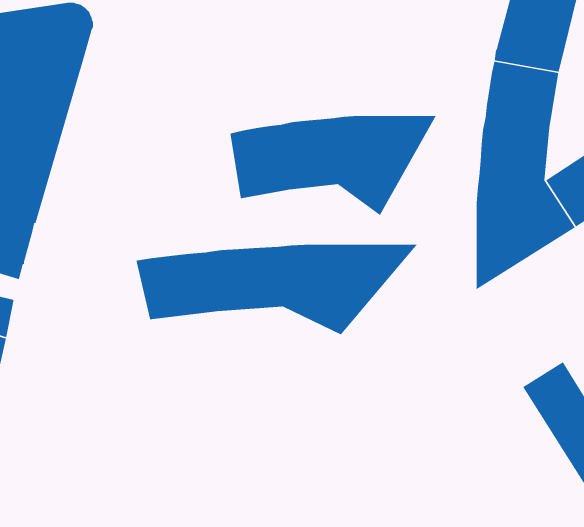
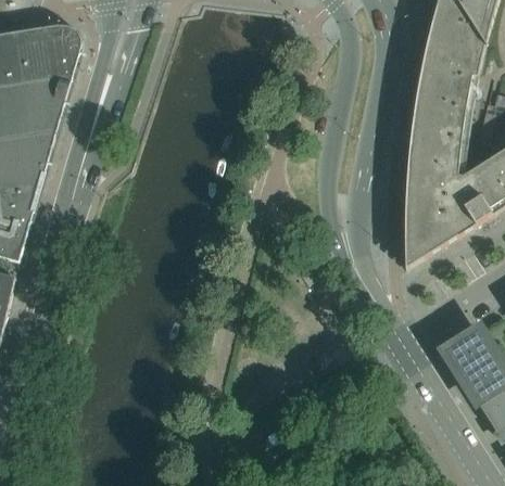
building: [230,115,437,216] -> none
building: [135,244,419,336] -> none

